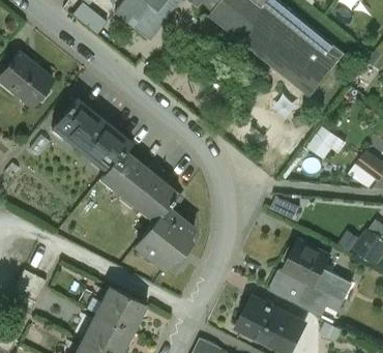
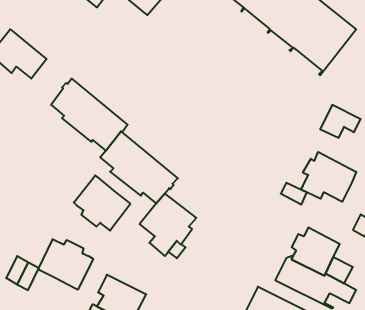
building: none -> [301,152,356,202]
building: none -> [74,175,130,231]
building: none -> [38,239,93,290]

